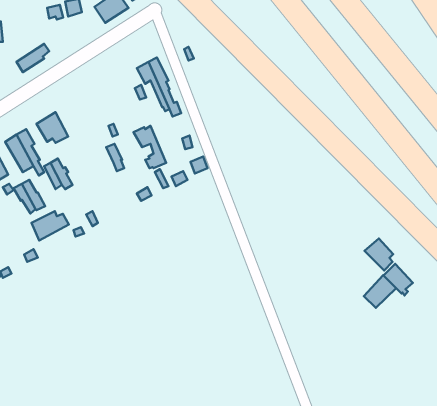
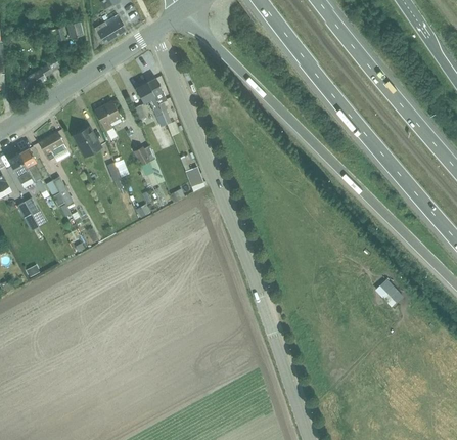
building: none -> [95,100,121,139]
building: none -> [74,126,100,157]
building: [32,211,69,241] -> none
building: [364,239,393,271] -> none
building: [364,275,396,308] -> none

